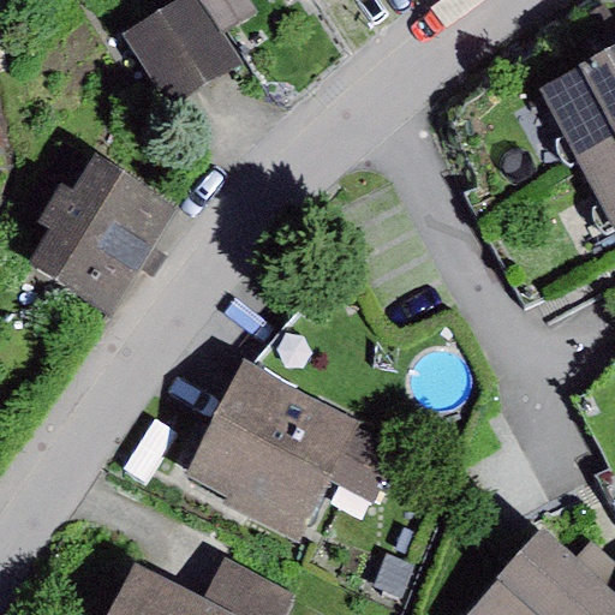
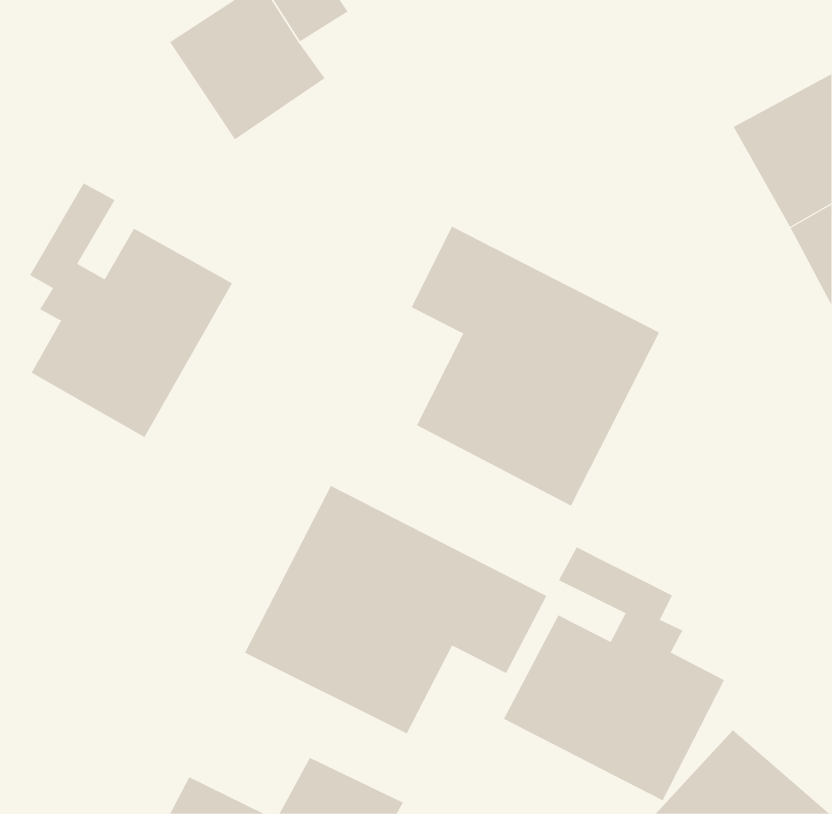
building: none -> [411,226,660,507]
building: none -> [503,547,725,801]

